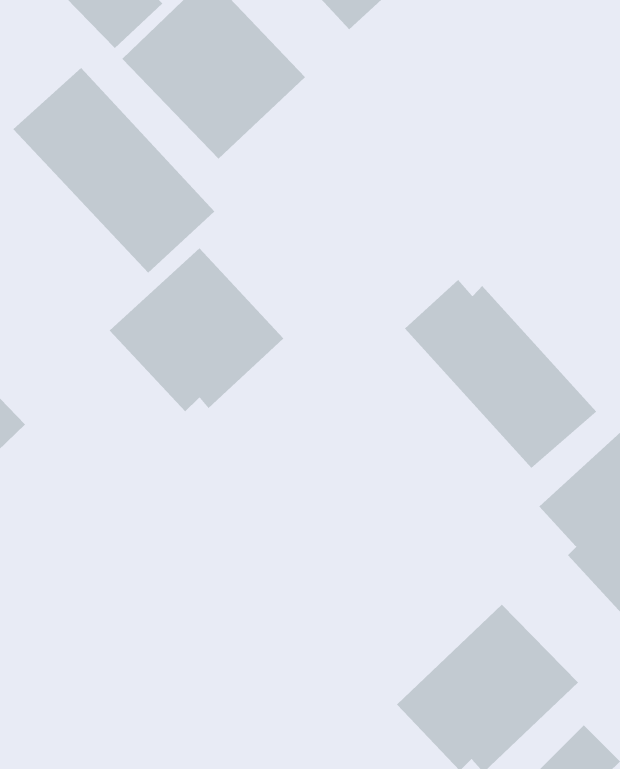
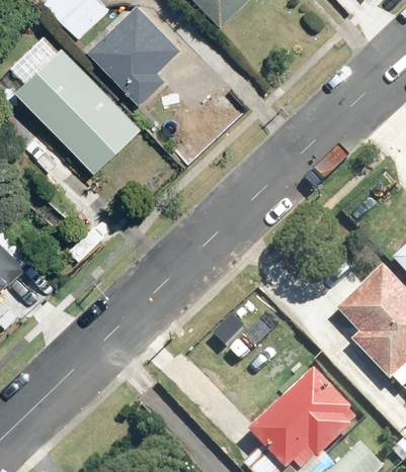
building: [109,248,284,412] -> none
building: [404,279,597,469] -> none

